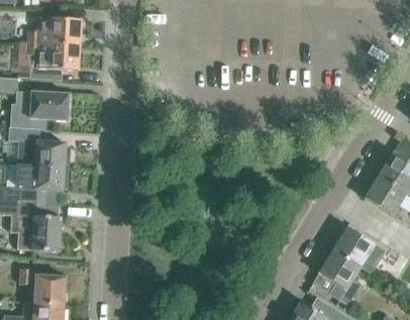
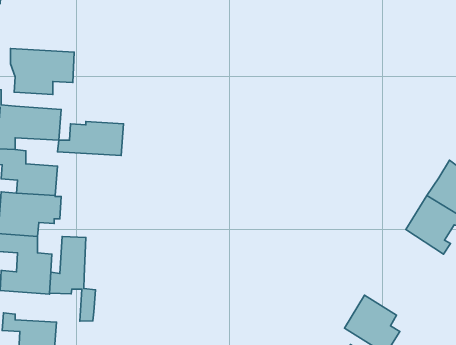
building: [25,16,82,45] -> [58,121,123,155]
building: none -> [49,237,95,321]
building: [329,226,384,272] -> none

